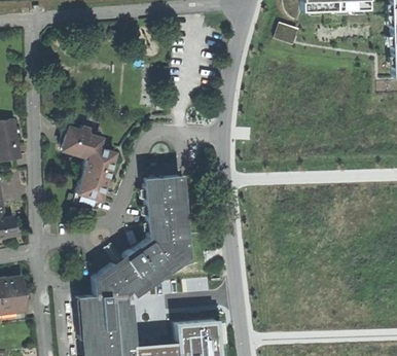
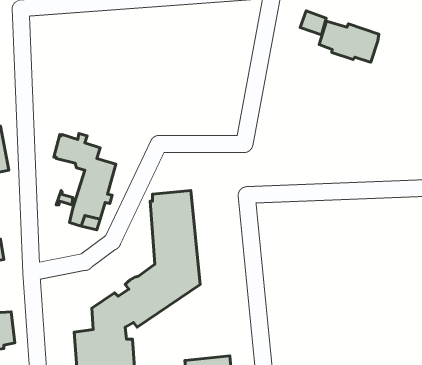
building: none -> [319,21,379,62]

